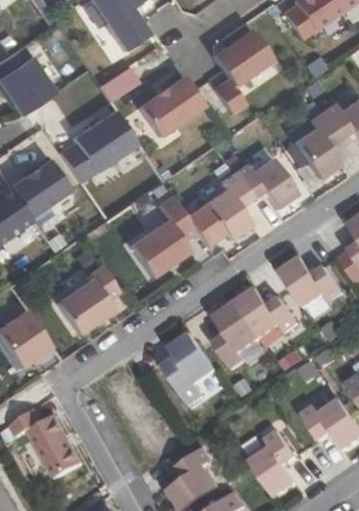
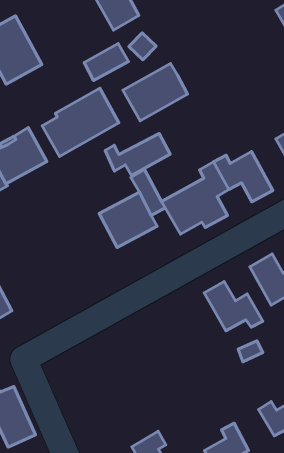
building: [213,32,272,117] -> none
building: none -> [105,134,170,175]
building: [50,257,114,325] -> none
building: [218,306,263,372] -> none
building: [173,336,218,405] -> none

